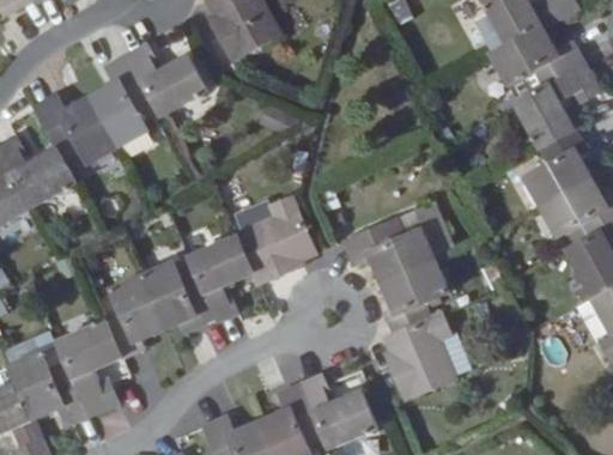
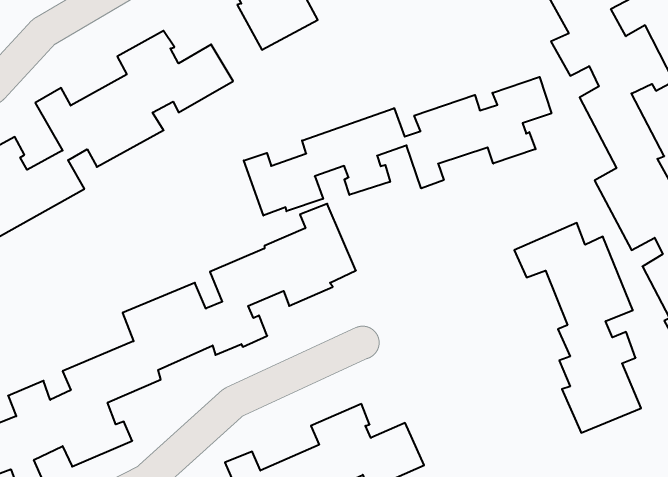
building: none -> [244,77,551,216]
building: [344,216,455,400] -> [514,223,641,433]

